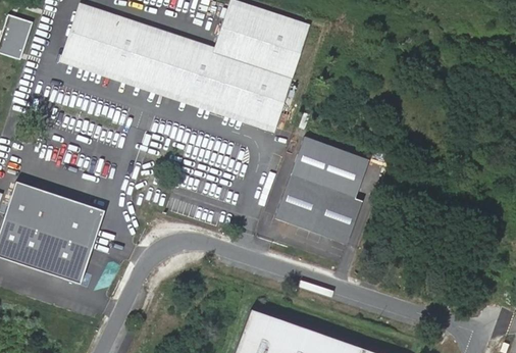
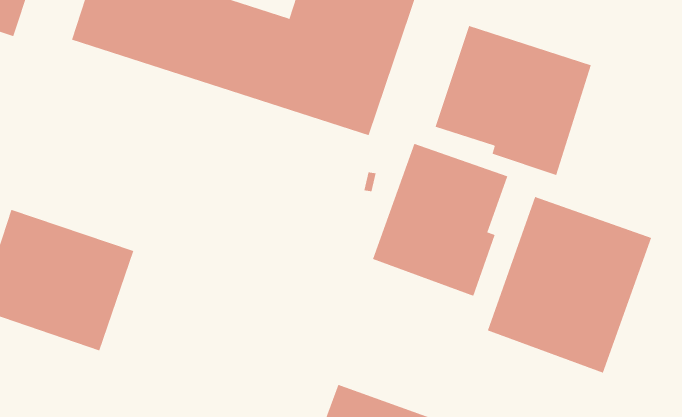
building: none -> [435,25,591,176]
building: none -> [487,196,652,373]

